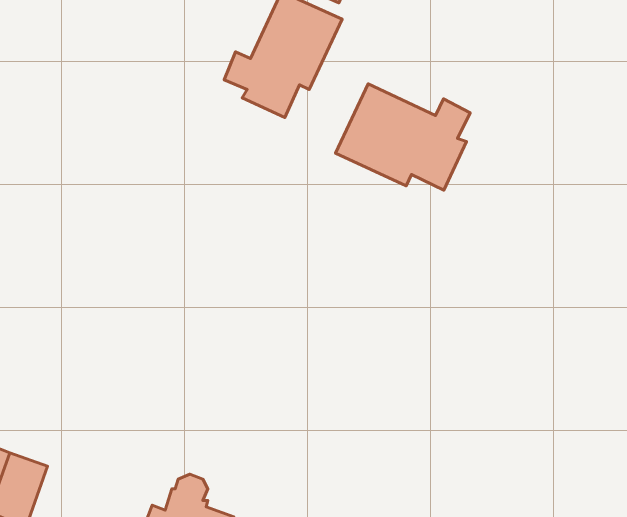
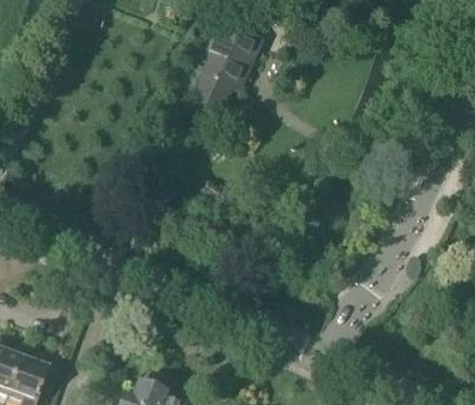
building: [336,84,470,190] -> none

